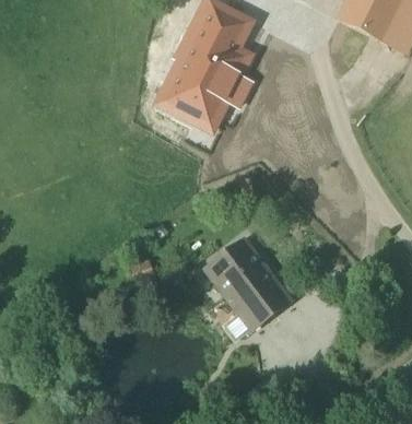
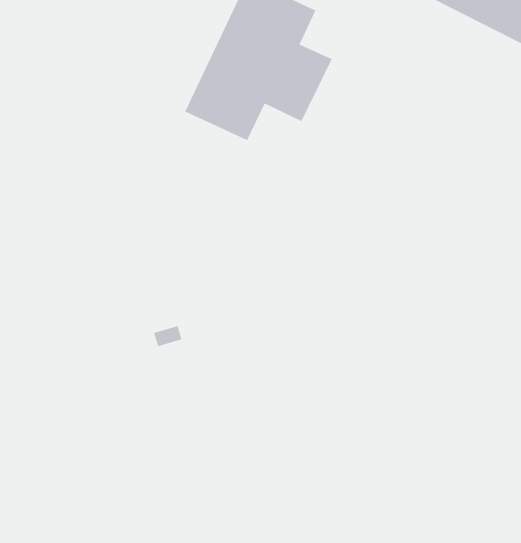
building: [201,234,290,327] -> none

